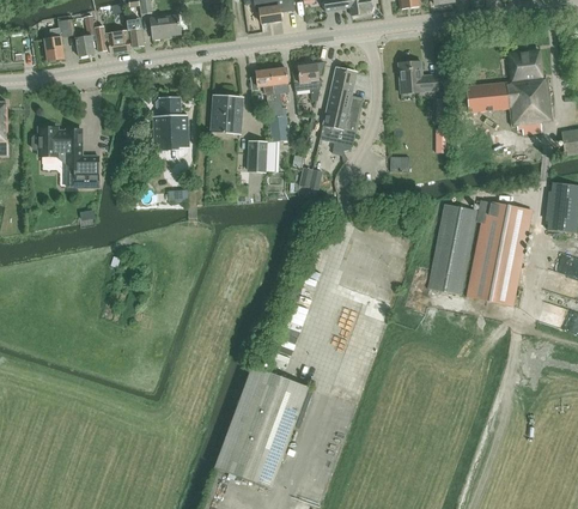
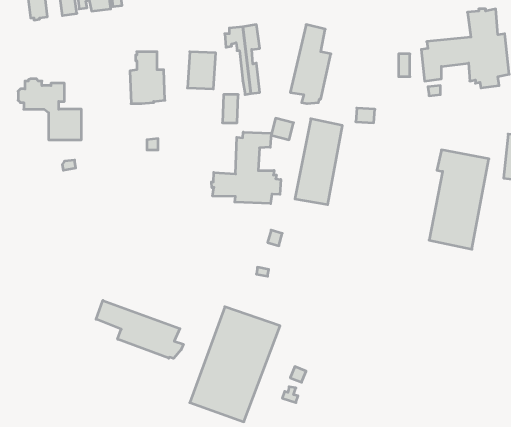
building: [398,60,438,92] -> none
building: [293,62,321,91] -> none
building: none -> [211,132,281,204]
building: [427,202,477,293] -> [295,119,342,205]
building: none -> [96,300,183,358]

